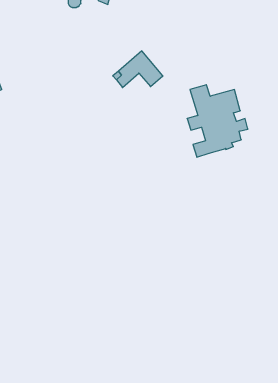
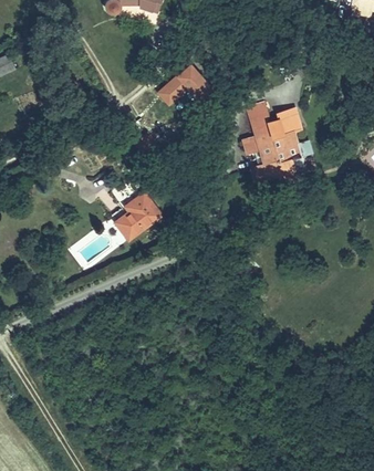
building: none -> [114,190,163,240]

